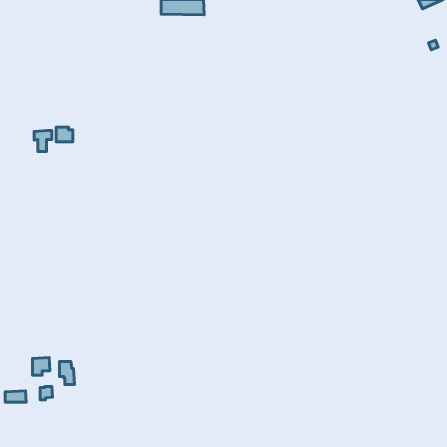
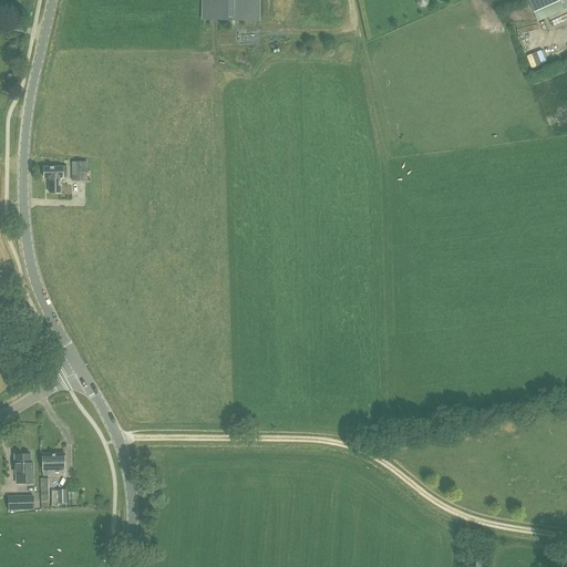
building: [59,362,74,384] -> [13,453,32,482]

